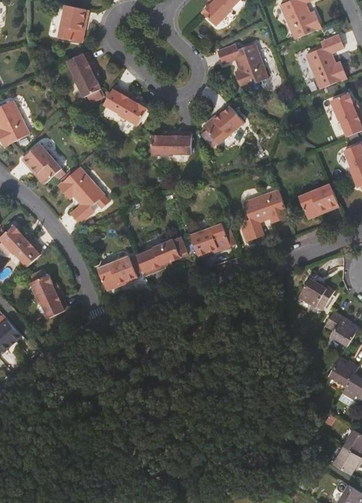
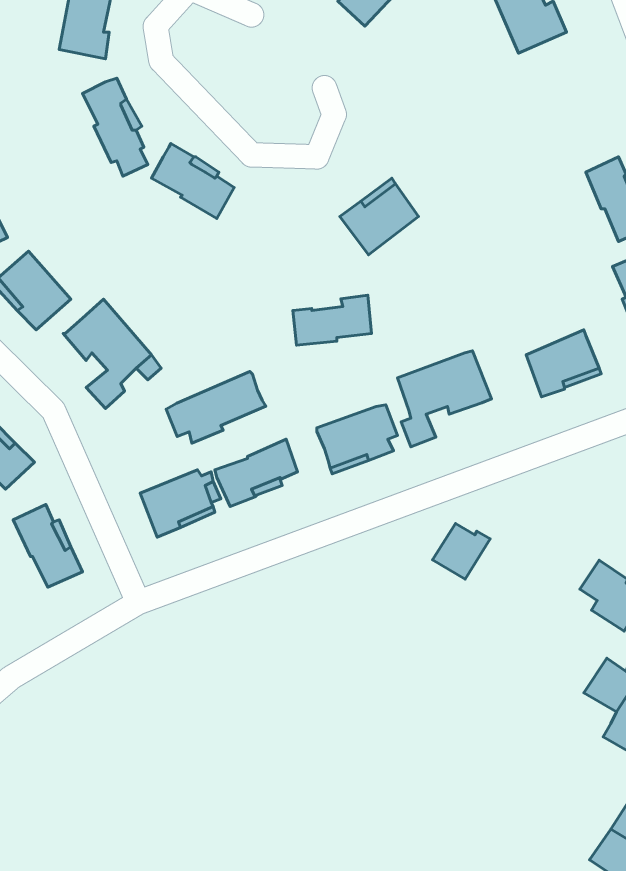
building: [305,35,346,89] -> none
building: [218,44,267,88] -> none
building: [151,131,192,157] -> [293,295,372,345]
building: none -> [166,372,266,443]
building: [306,276,336,305] -> [433,523,490,579]

